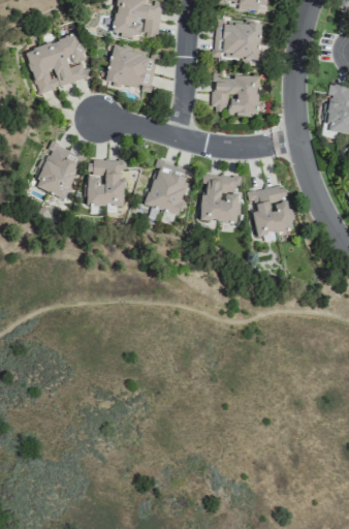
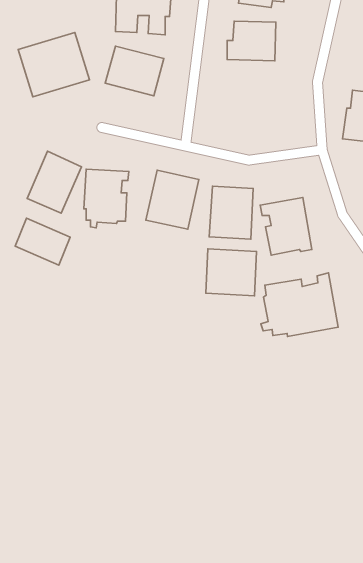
building: [212,74,259,114] -> none
building: none -> [15,218,70,265]
building: none -> [206,249,256,296]
building: none -> [261,273,338,336]

